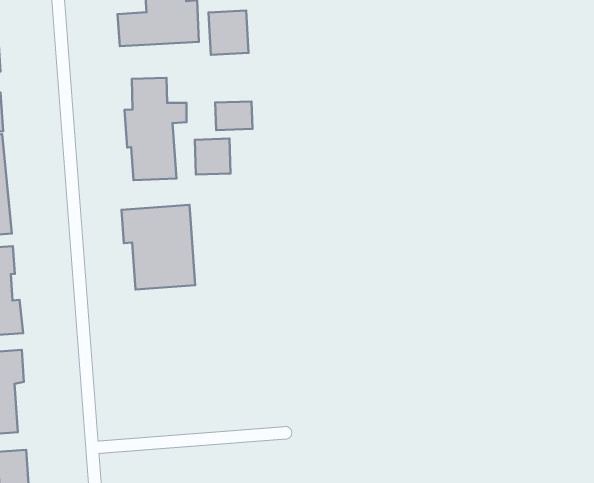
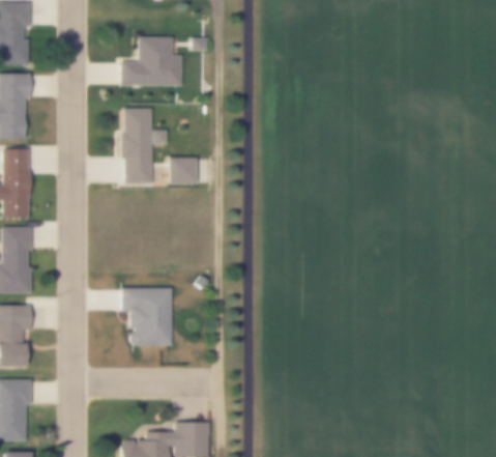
building: [209,10,249,55] -> none
building: [215,101,252,130] -> none
building: [121,205,195,290] -> [121,287,172,347]

